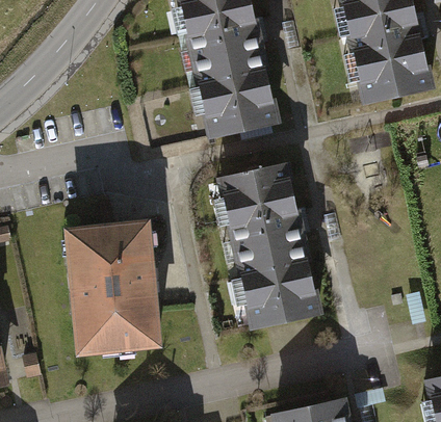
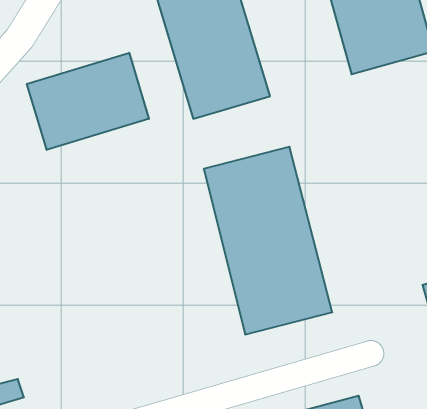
building: none -> [27,53,149,150]
building: [66,221,165,350] -> none

